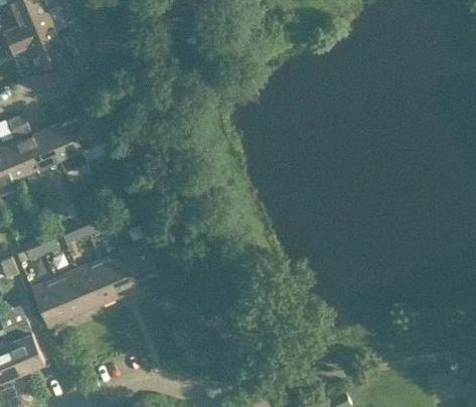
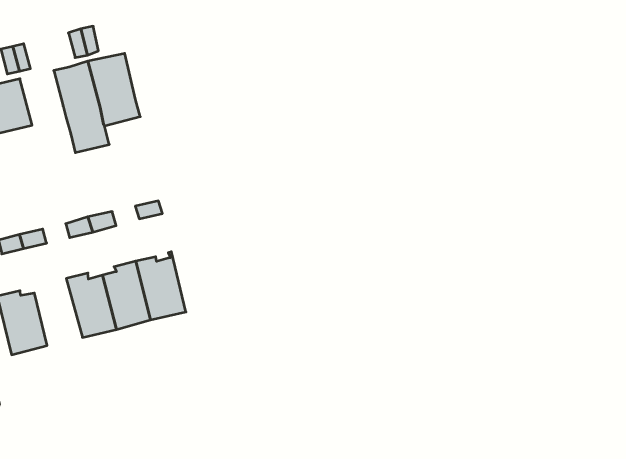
building: [23,131,58,170] -> none
building: [55,270,93,318] -> none

